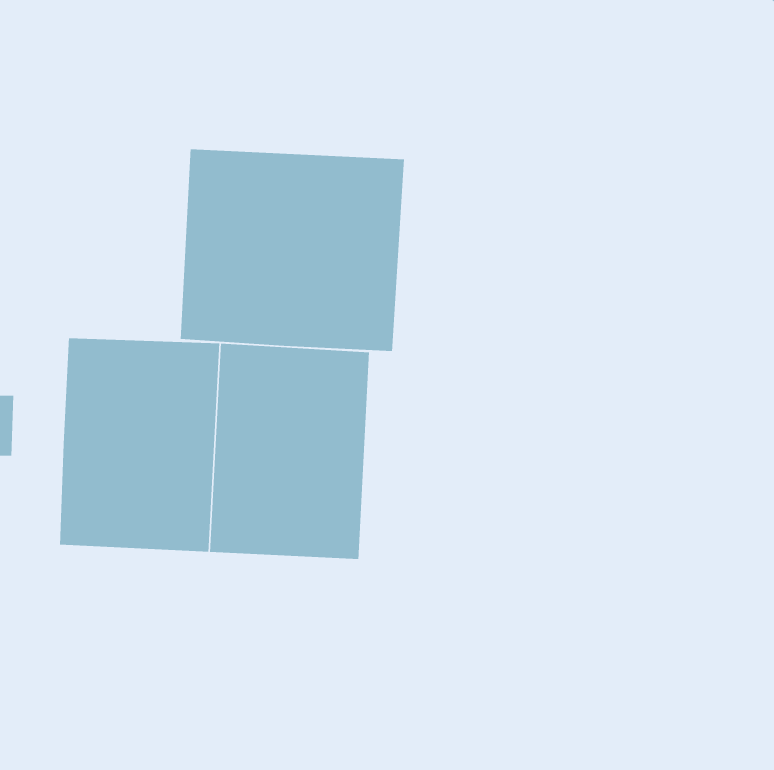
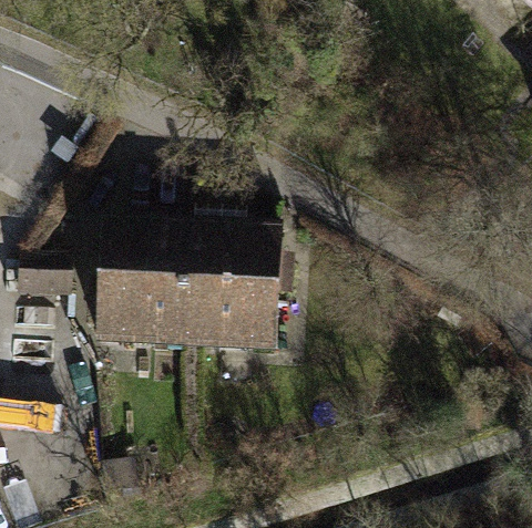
building: [180,149,405,352] -> none

